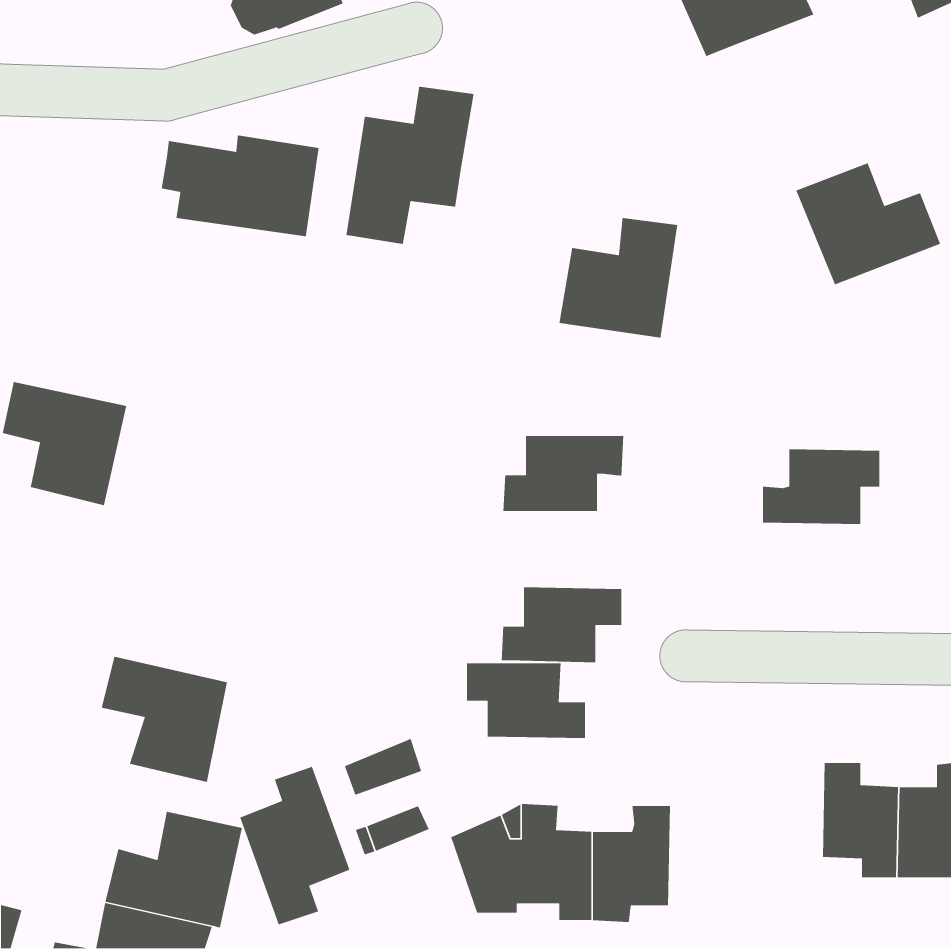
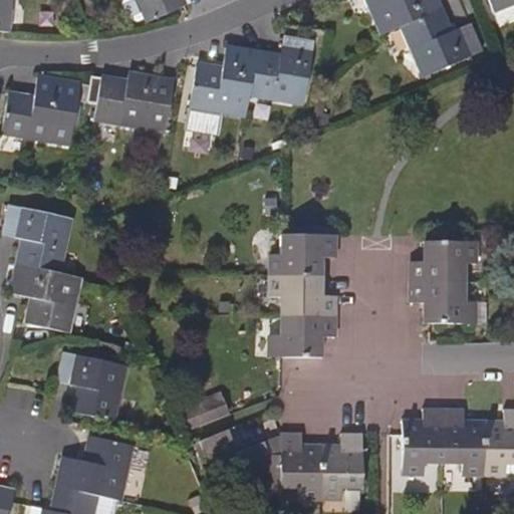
building: none -> [7,79,91,144]
building: [795,162,941,285] -> [401,8,479,74]
building: [558,217,678,339] -> [250,34,314,99]
building: none -> [11,262,79,332]
building: none -> [412,281,486,322]
building: [466,662,586,739] -> [272,275,336,316]
building: none -> [404,410,445,471]
building: [239,766,350,925] -> none

